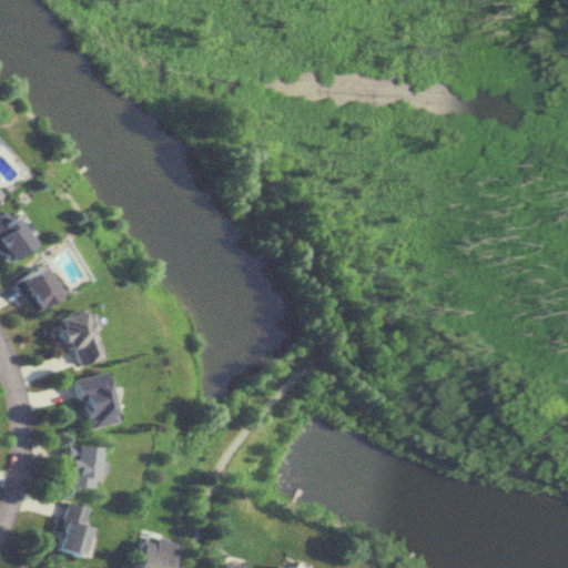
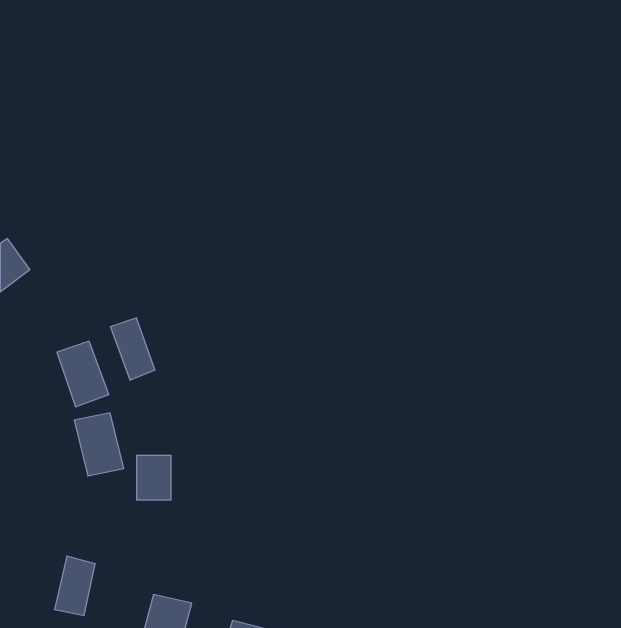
building: [16,265,65,314] -> none
building: none -> [110,318,155,380]
building: [70,447,101,487] -> [136,455,171,500]

